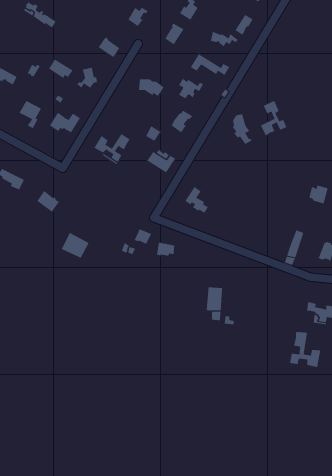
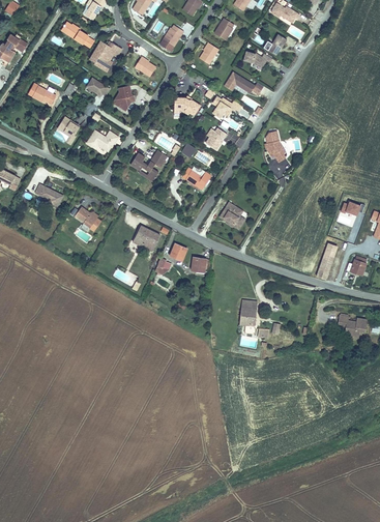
building: none -> [90,40,122,71]
building: [260,100,287,136] -> none
building: [61,232,89,259] -> [133,225,160,251]
building: [290,331,321,368] -> none

